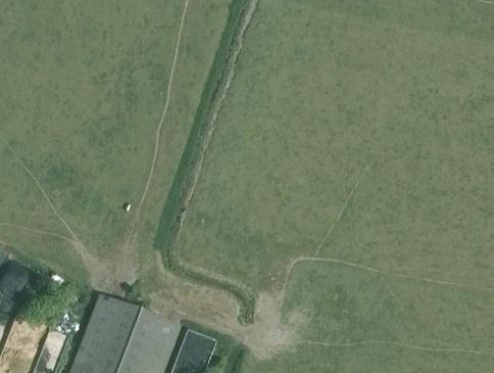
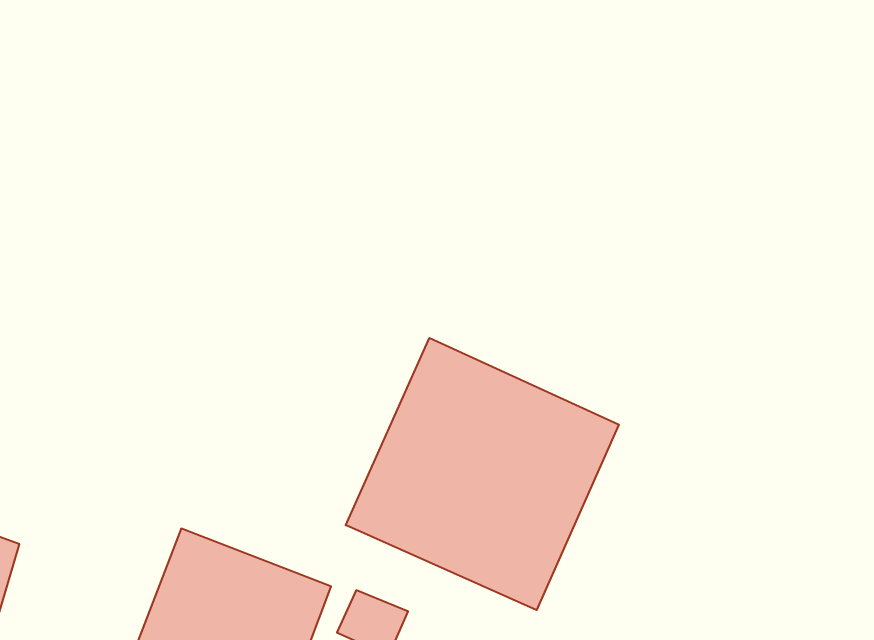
building: none -> [346,338,619,610]

